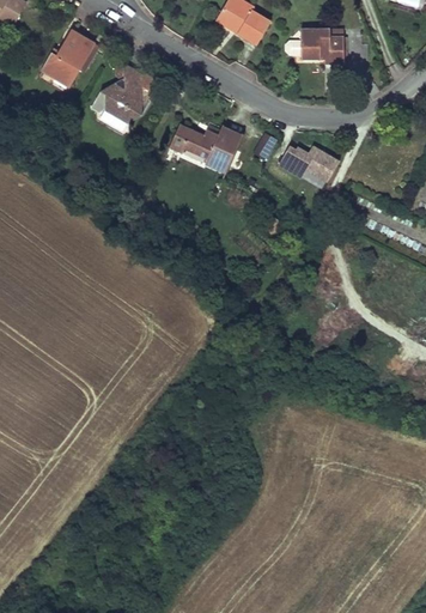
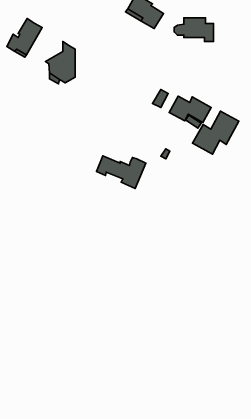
building: [170,125,242,172] -> [96,156,146,189]
building: none -> [192,111,239,154]

